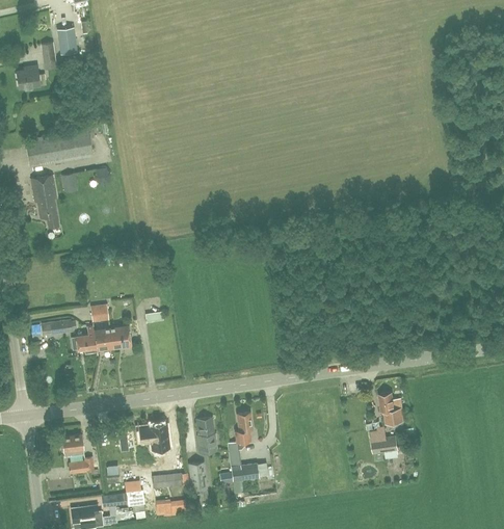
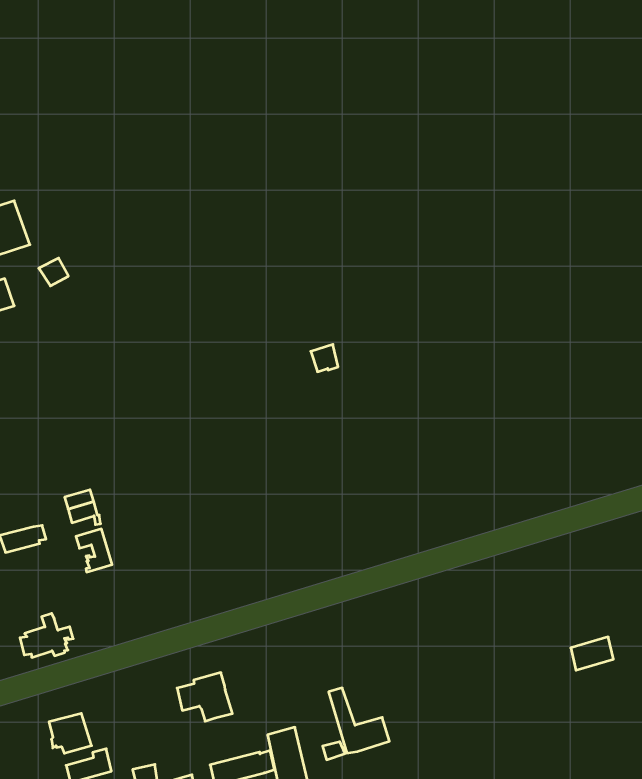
building: [109,324,131,349] -> none
building: [72,326,103,351] -> [20,613,73,657]
building: [378,393,402,423] -> none
building: [235,412,253,442] -> none
building: [196,417,216,452] -> none

